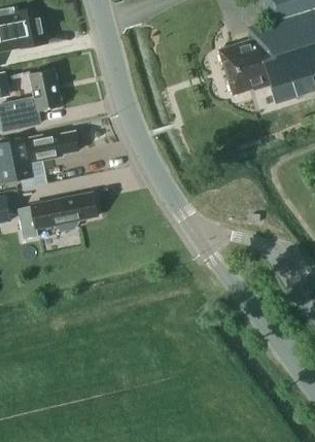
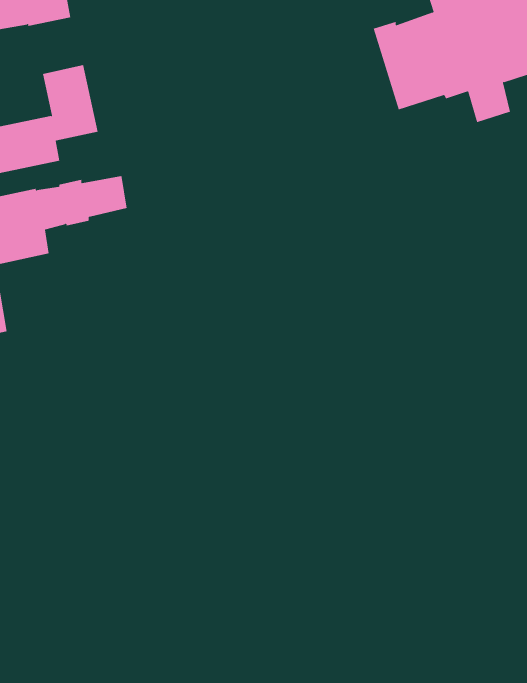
building: [18,194,98,240] -> none

